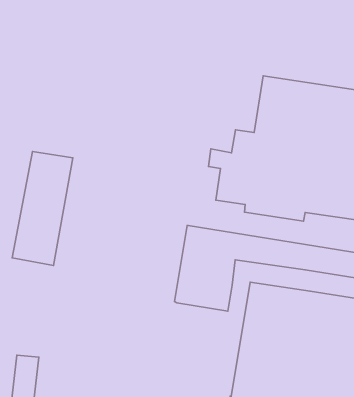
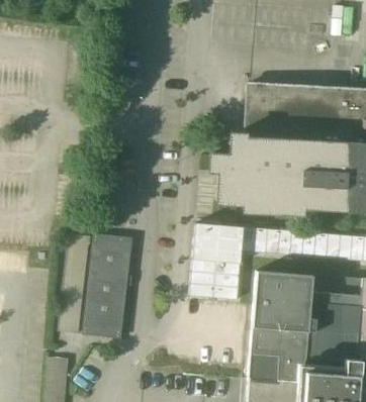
building: [12,151,73,266] -> [81,235,129,338]

